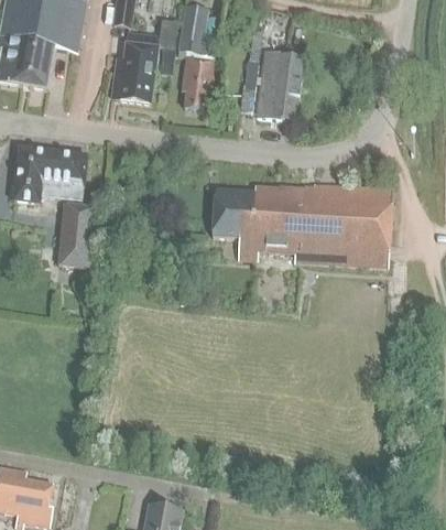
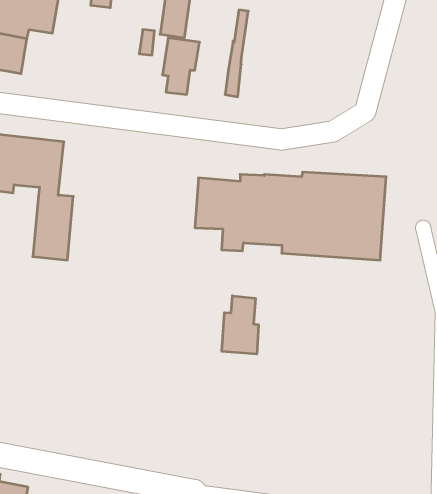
building: [113,31,160,102] -> none
building: [255,50,303,120] -> none
building: none -> [222,296,258,354]

